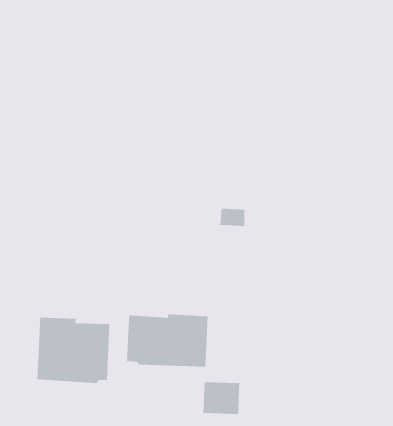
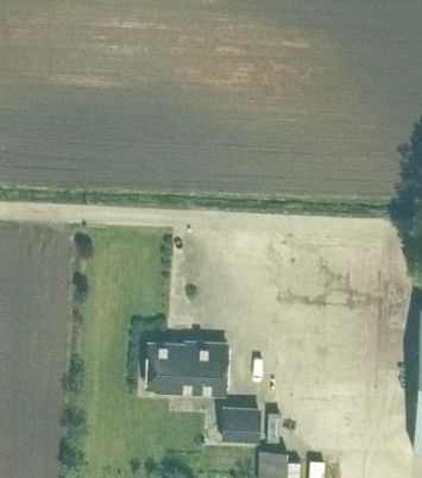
building: [37,317,110,384] -> none

